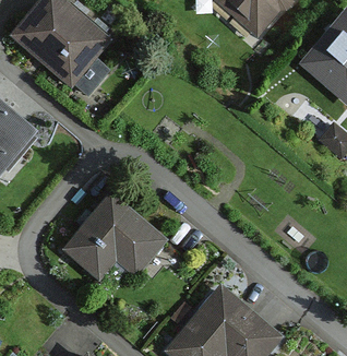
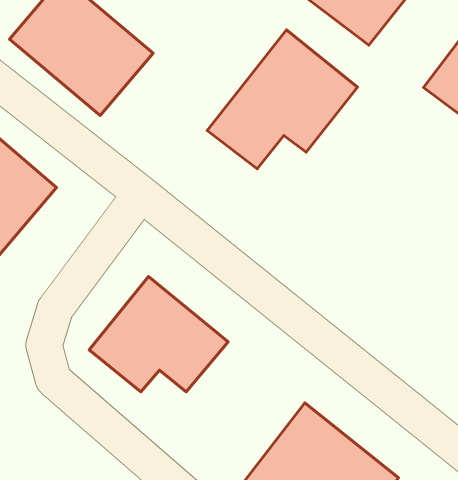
building: none -> [207,30,358,169]

